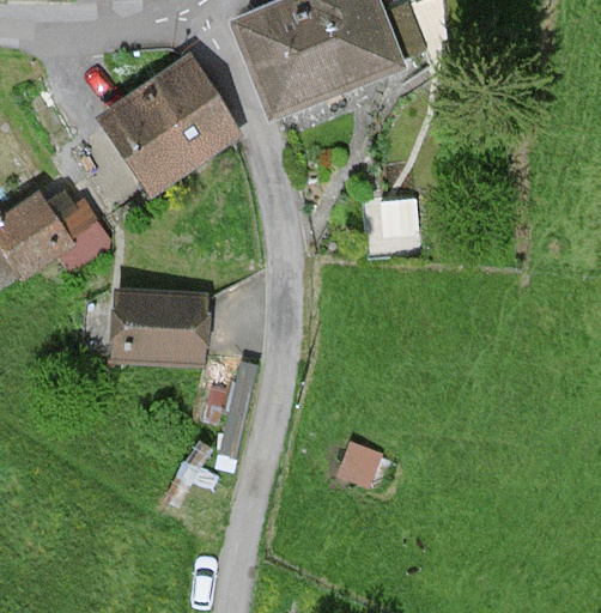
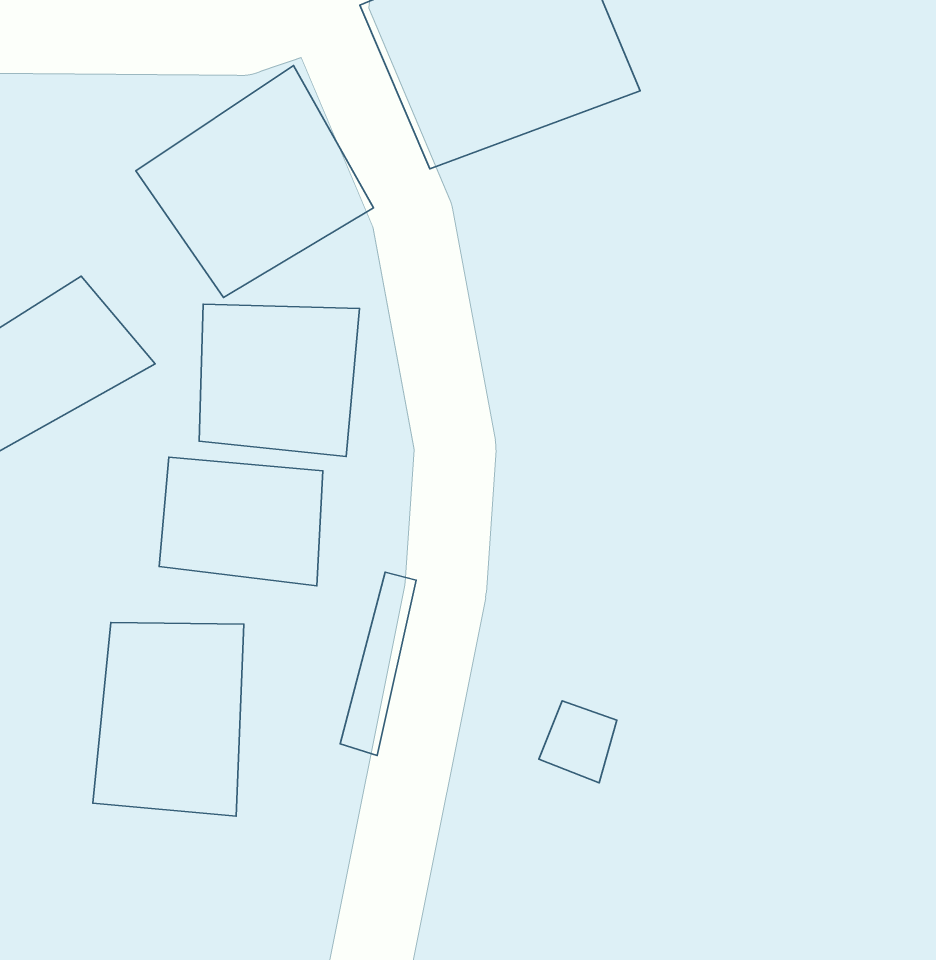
building: none -> [199,304,359,457]
building: none -> [93,623,244,816]

